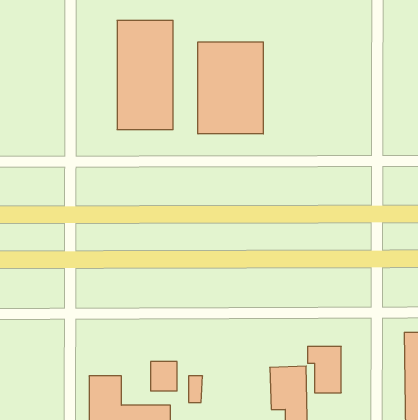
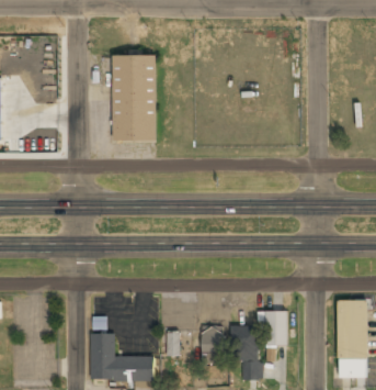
building: [198,42,263,134] -> none
building: [151,362,177,391] -> [202,330,223,353]

